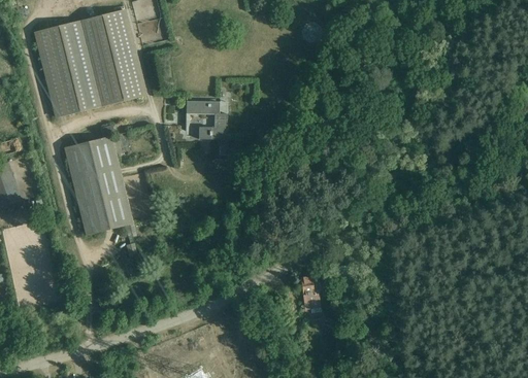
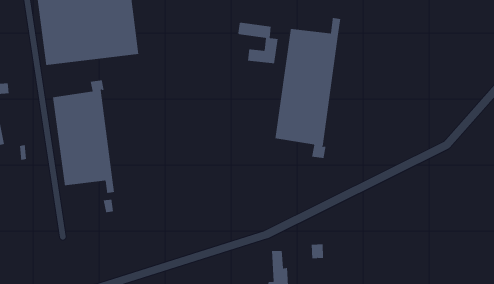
building: none -> [275,17,341,159]
building: [185,98,227,139] -> [235,19,278,64]

